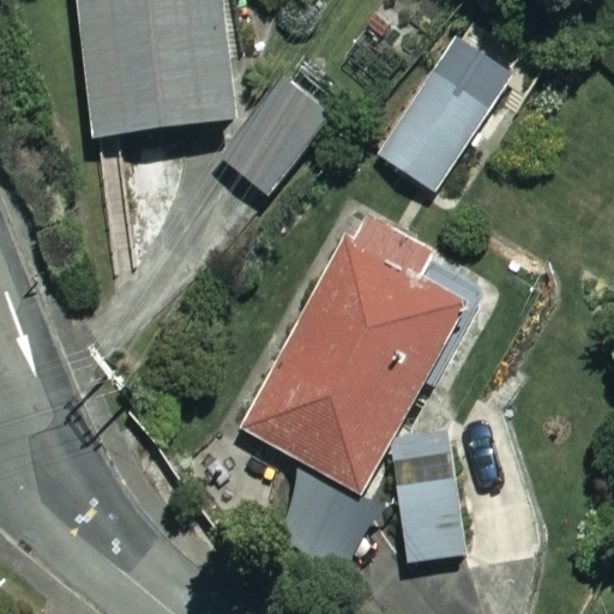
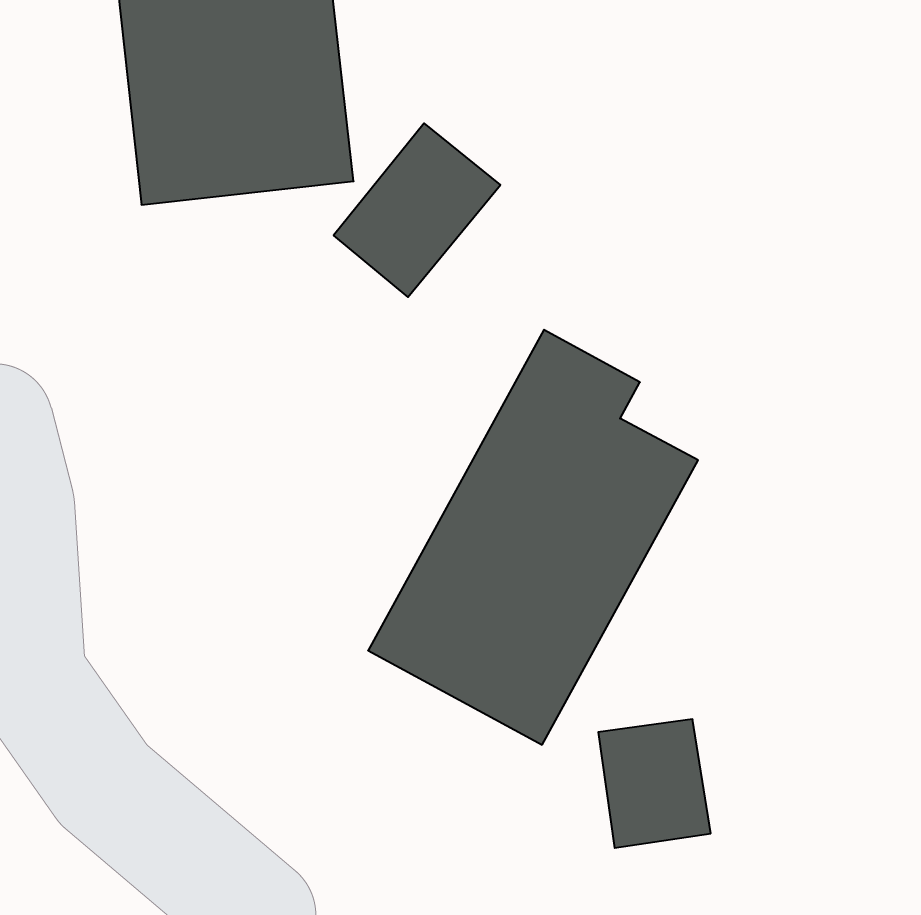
building: [367,12,529,191] -> none

